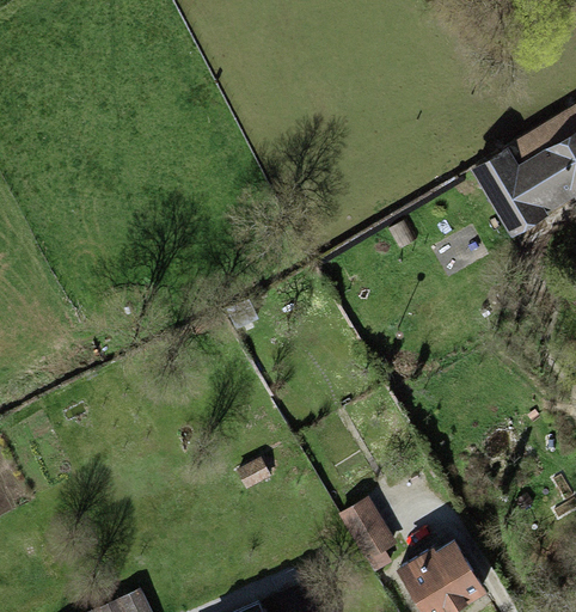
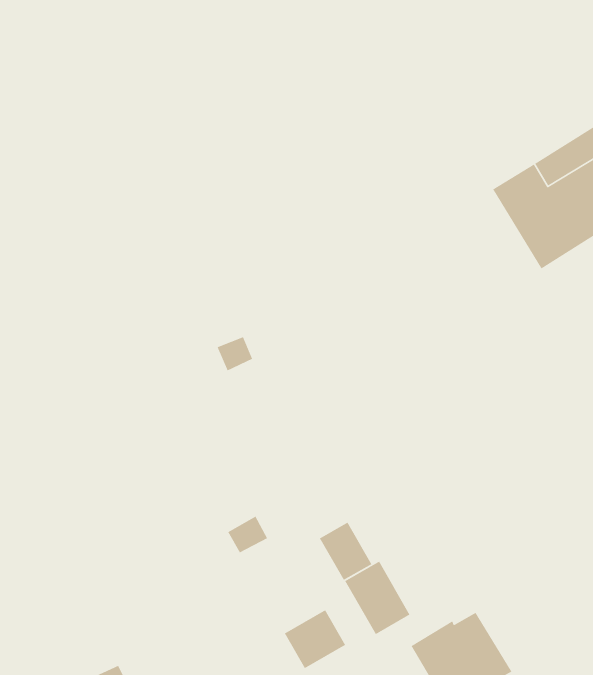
building: none -> [319,522,372,581]
building: none -> [284,609,346,669]

